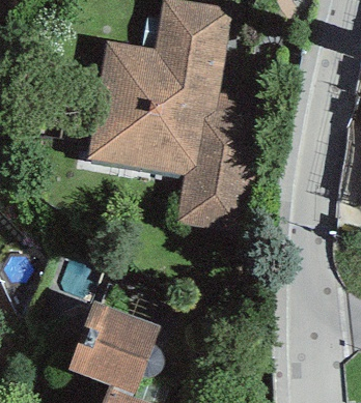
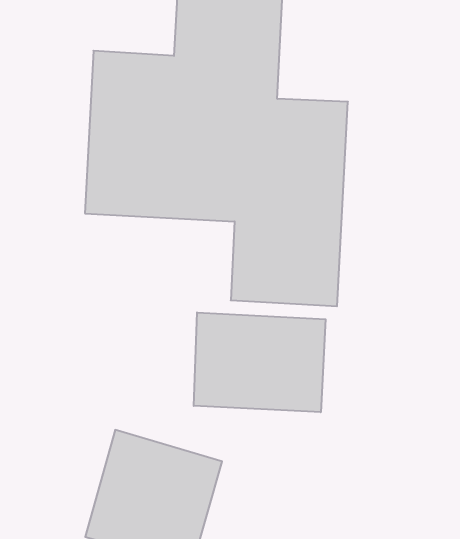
building: none -> [194,312,326,412]

